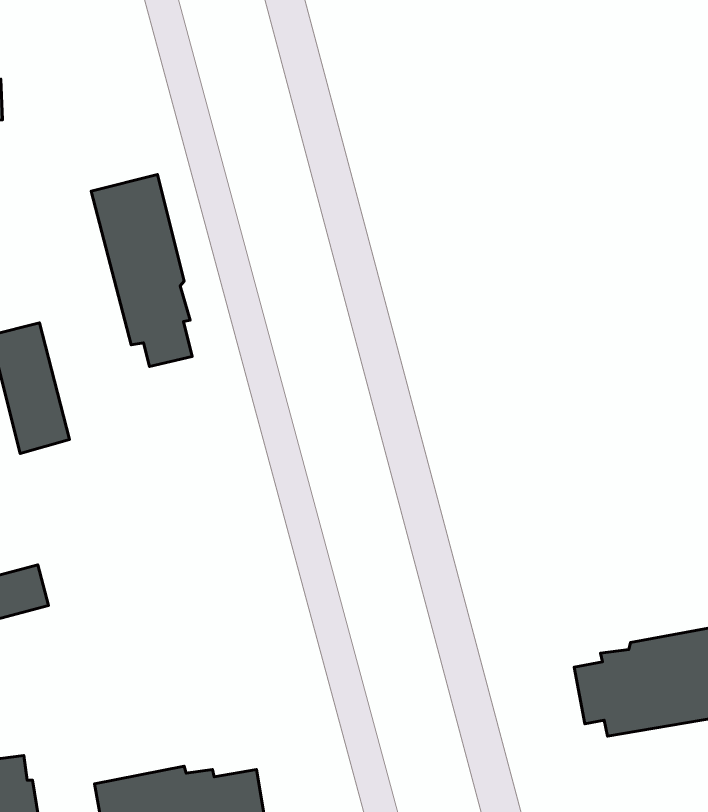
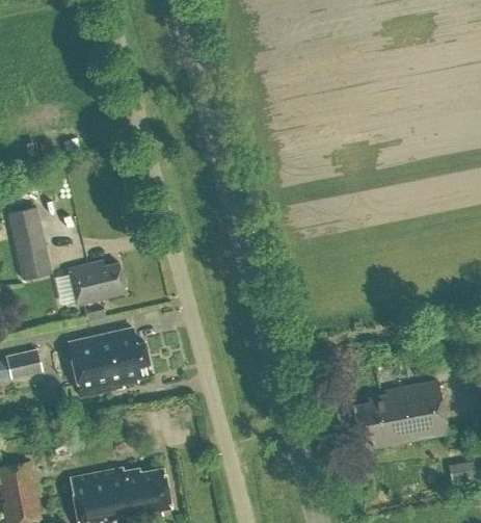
building: [91,174,192,367] -> none
building: none -> [70,261,127,304]
building: none -> [69,328,153,396]

